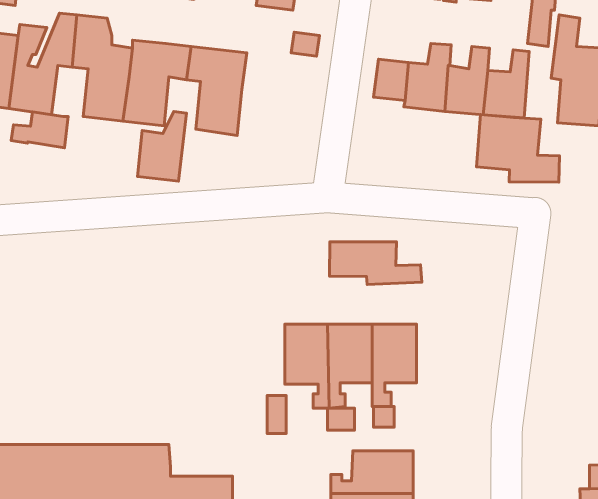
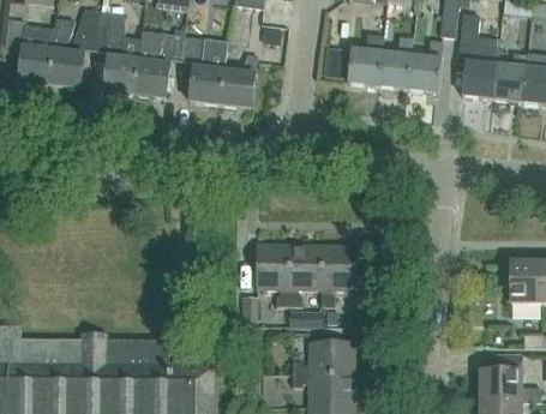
building: [137,111,187,181] -> [221,55,258,108]
building: [11,112,68,148] -> none
building: [476,115,560,182] -> none
building: [330,242,422,285] -> none

